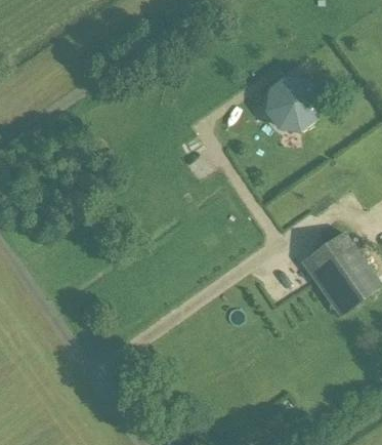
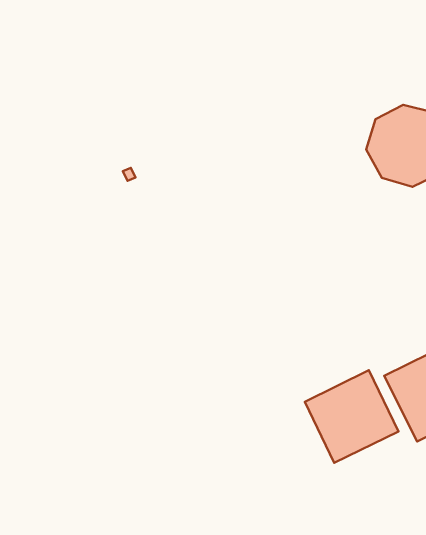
building: none -> [305,370,398,463]

